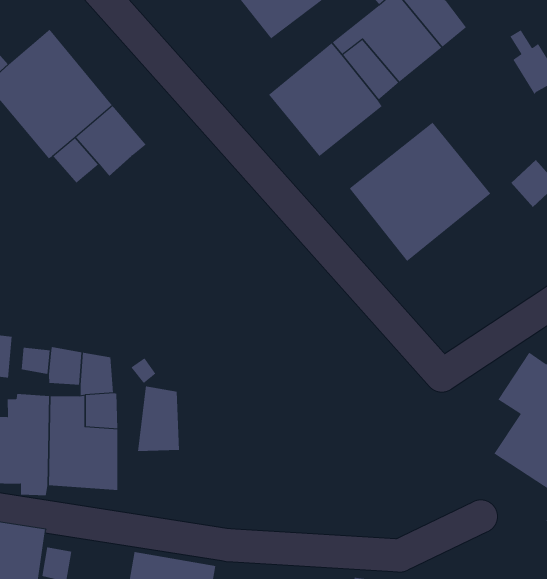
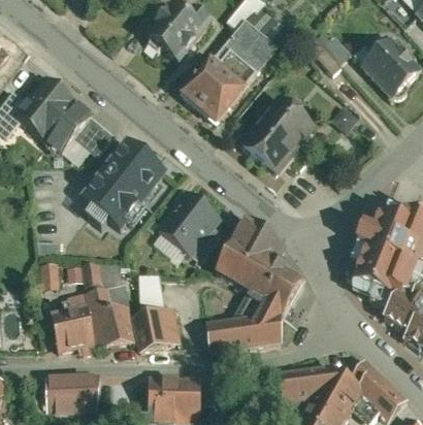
building: none -> [76,136,165,232]
building: none -> [154,189,221,256]
building: none -> [205,217,304,352]
building: none -> [130,309,176,352]

